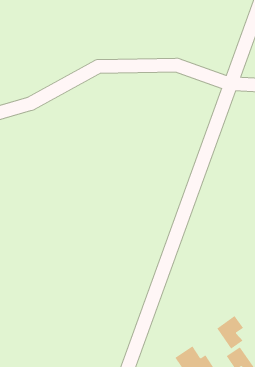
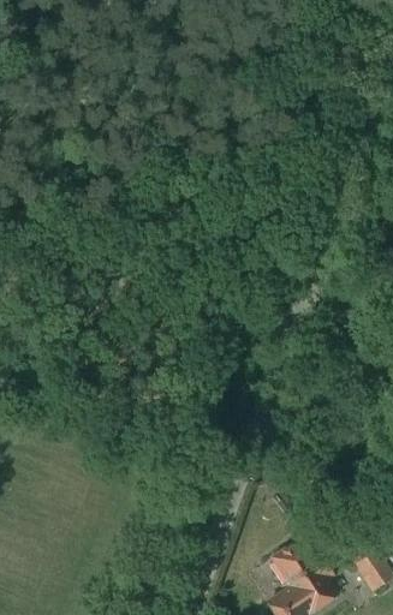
building: [216,315,244,349] -> none

